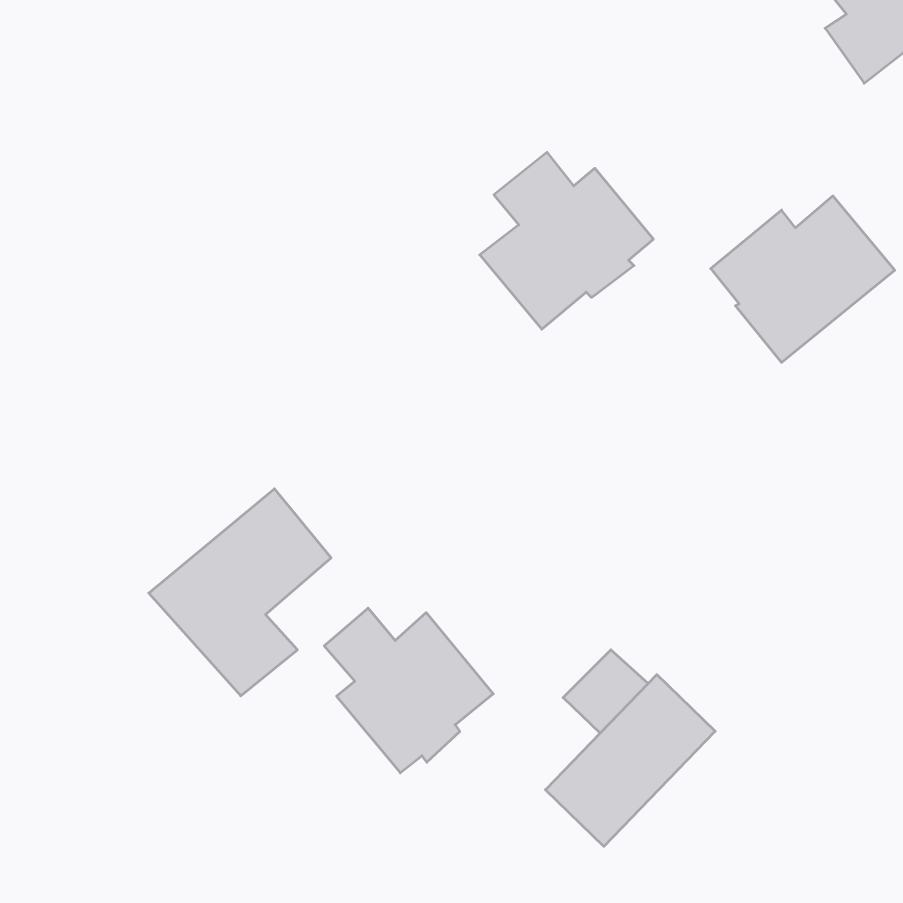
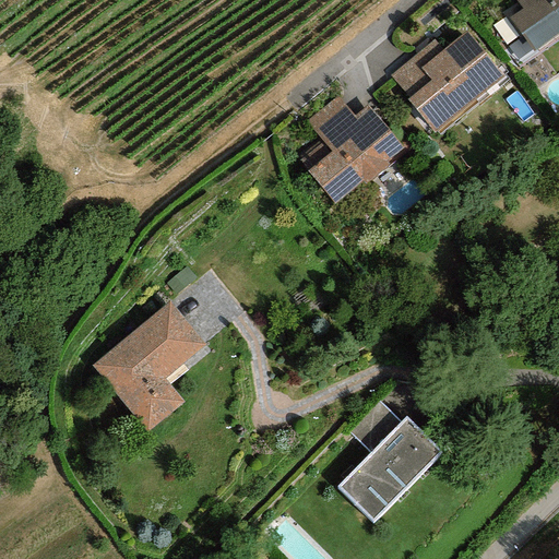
building: [711,196,895,362] -> [391,31,504,133]
building: [324,608,493,773] -> none

